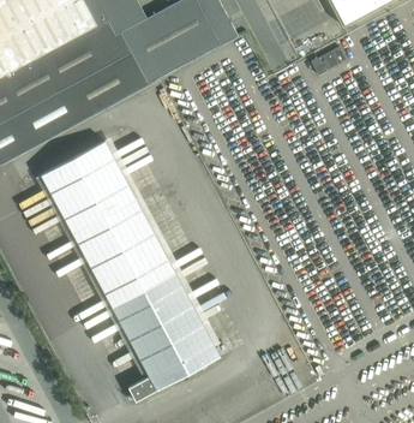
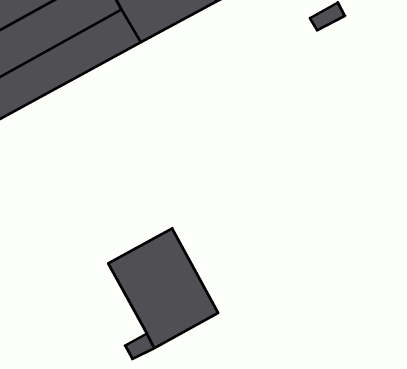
building: [41,141,175,305] -> none

